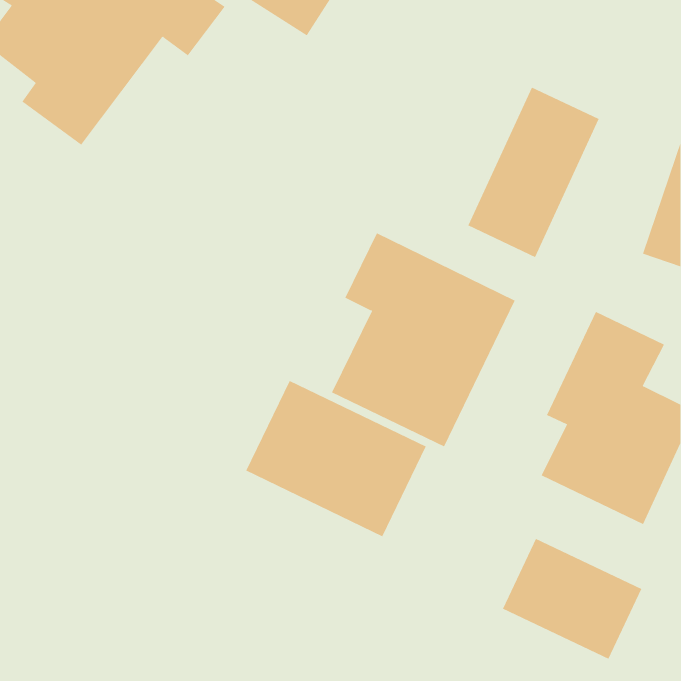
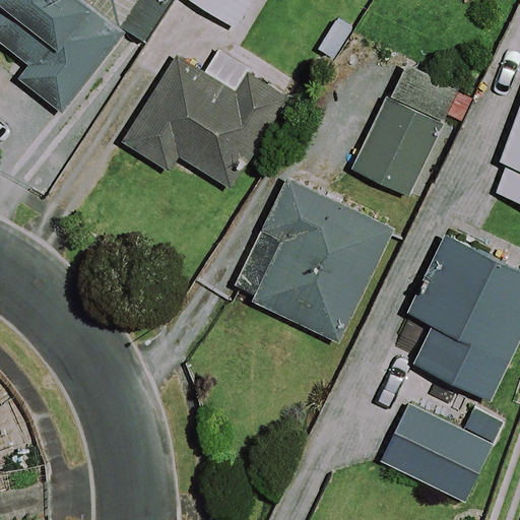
building: none -> [123,51,286,186]
building: [246,380,427,537] -> none

